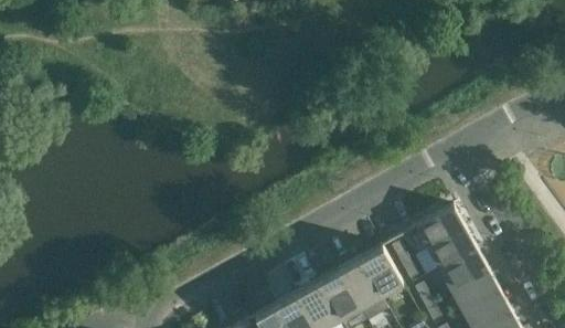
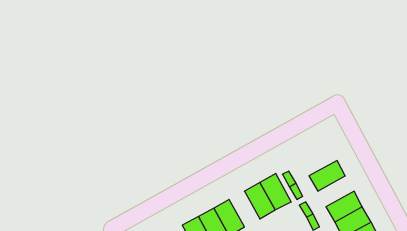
building: [415,205,466,248] -> none
building: [439,248,489,290] -> none
building: [318,269,360,318] -> none

